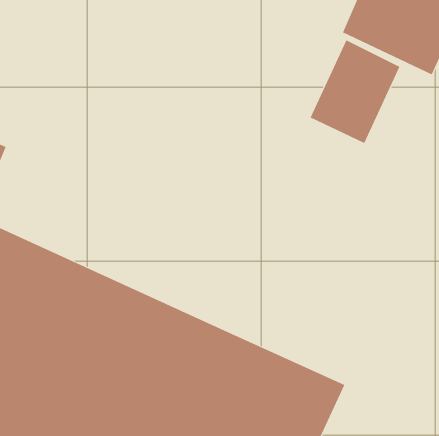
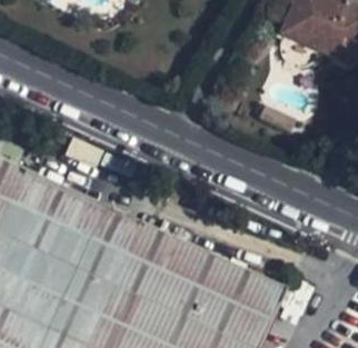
building: [310,40,400,144] -> none

